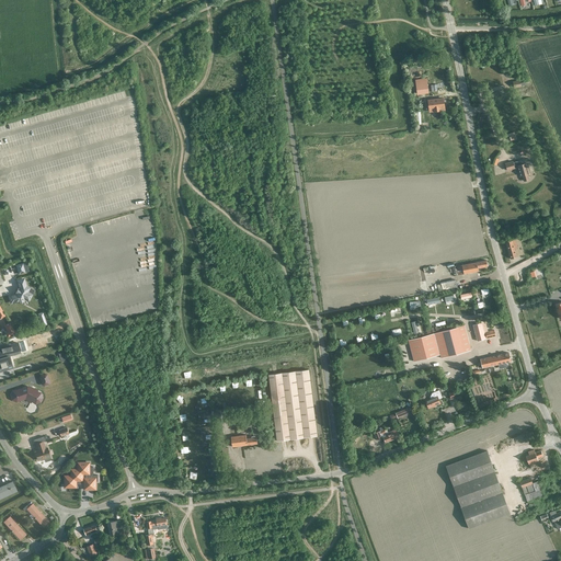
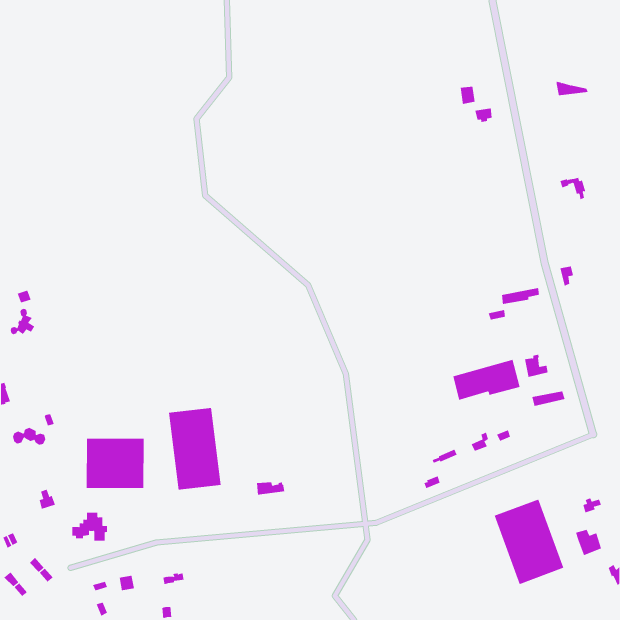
building: [268,366,317,440] -> [168,408,222,490]
building: none -> [86,438,144,489]

